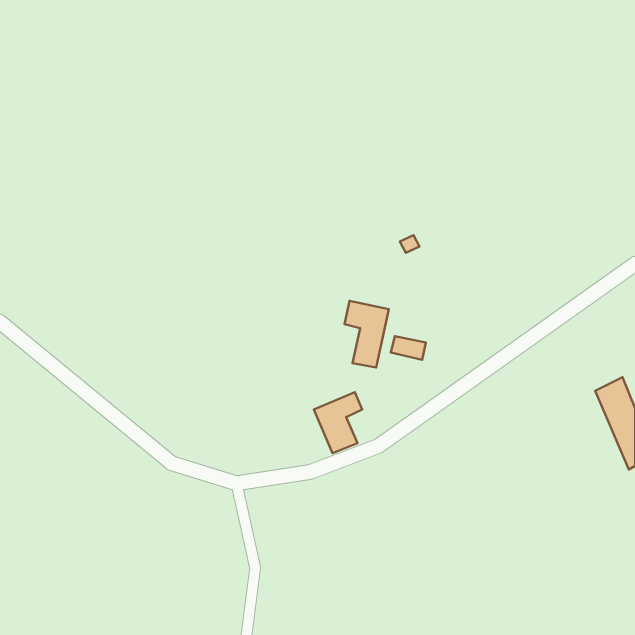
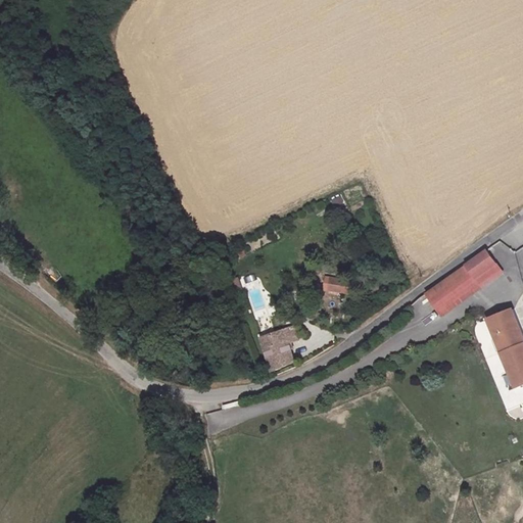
building: [345,301,389,368] -> none
building: none -> [426,252,502,315]

